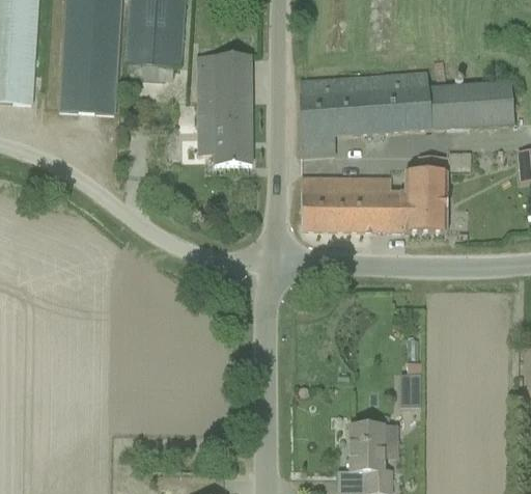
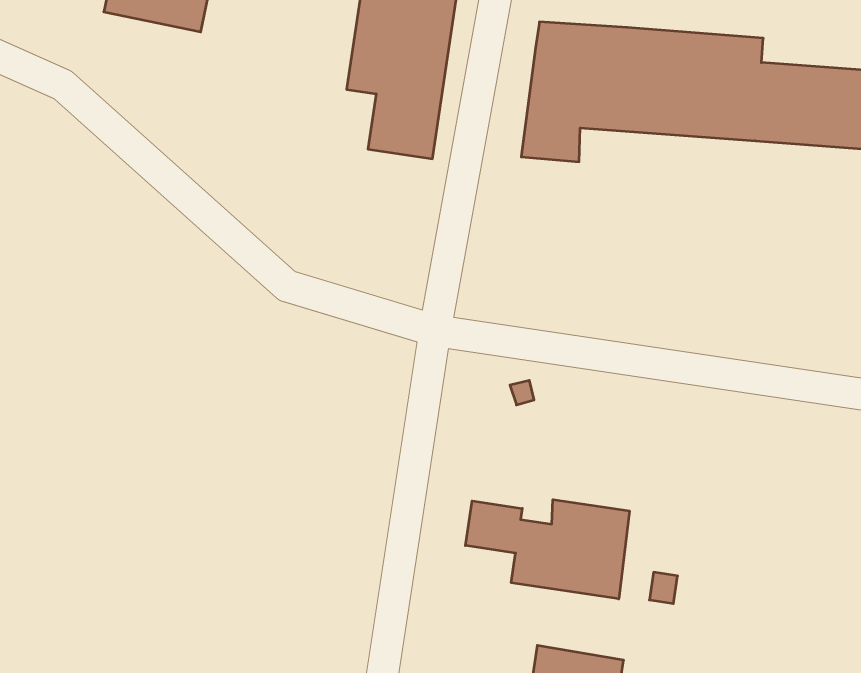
building: [301,159,447,232] -> none
building: none -> [465,500,629,599]

